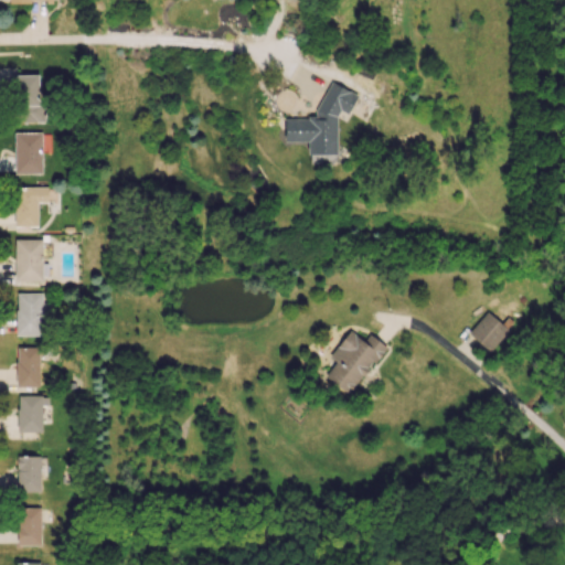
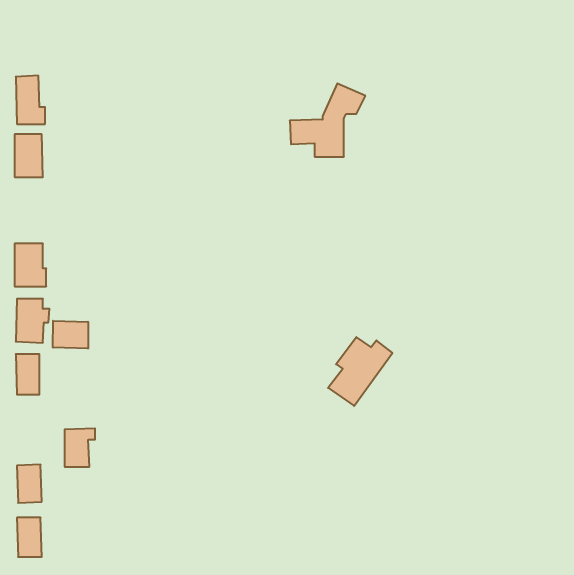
building: [17,186,50,227] -> none
building: [470,311,511,352] -> none
building: none -> [53,321,88,349]
building: [20,395,50,433] -> [65,428,95,467]

